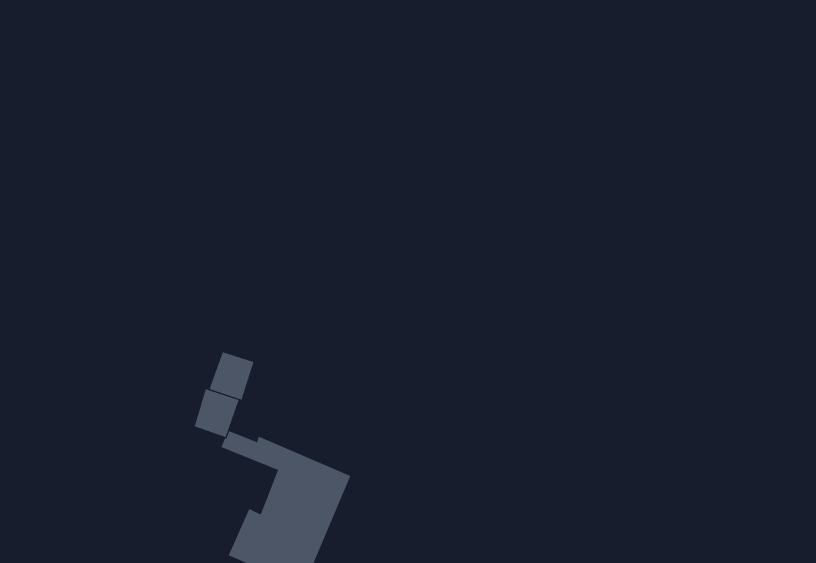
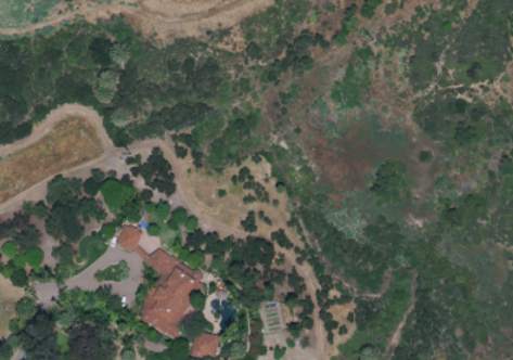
building: [209,352,254,401] -> none

